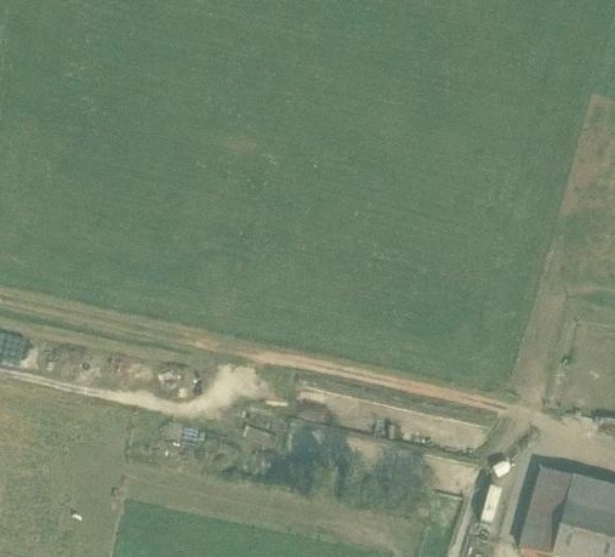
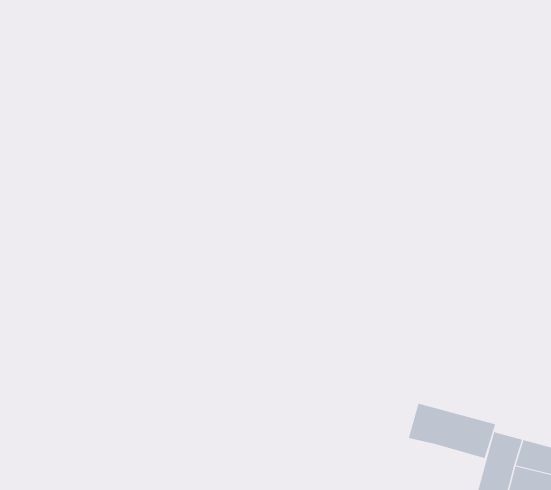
building: none -> [408,403,496,459]

